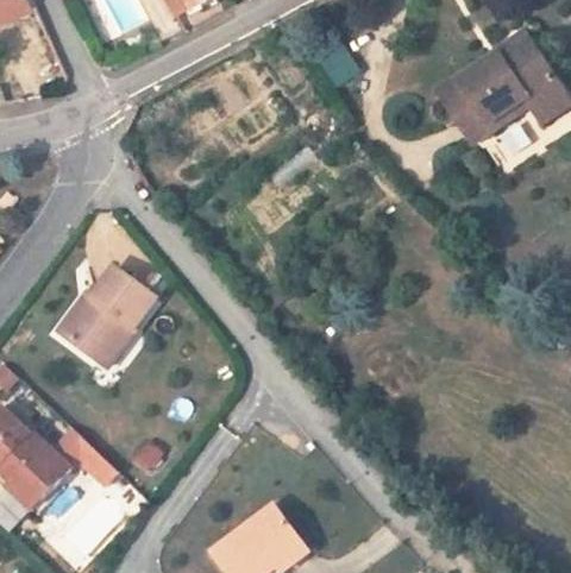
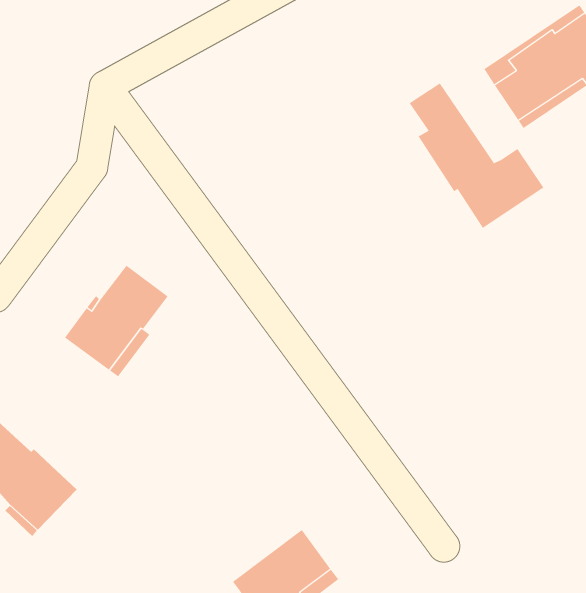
building: none -> [409,82,544,229]
building: [52,430,117,484] -> none

